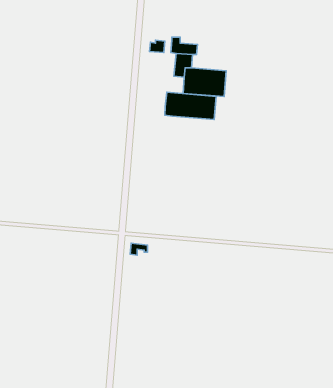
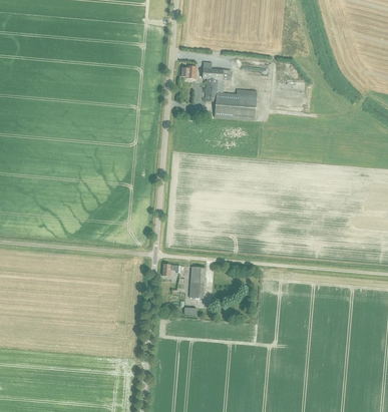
building: [165,92,216,120] -> none
building: none -> [189,266,206,297]

